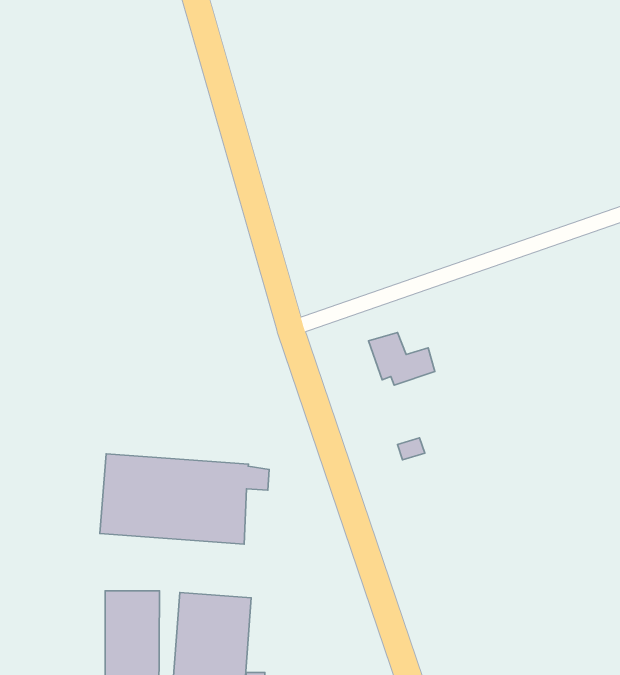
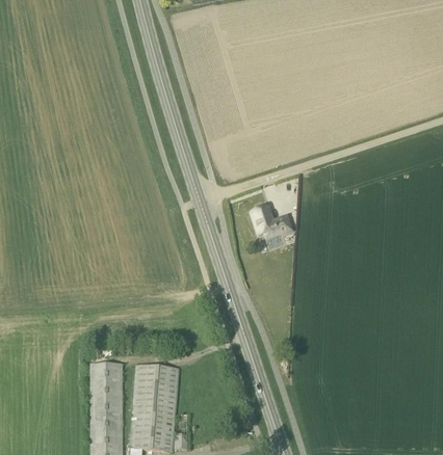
building: [100,454,269,544] -> none

